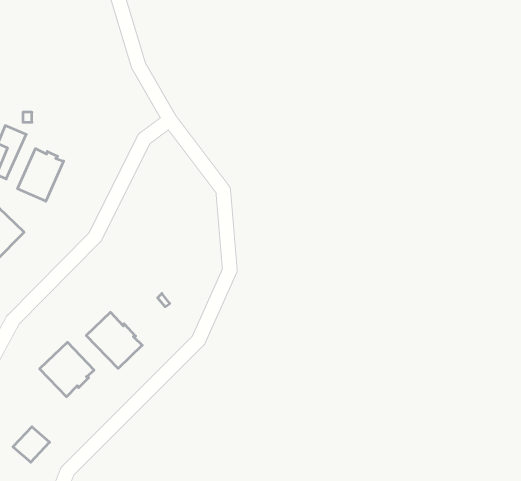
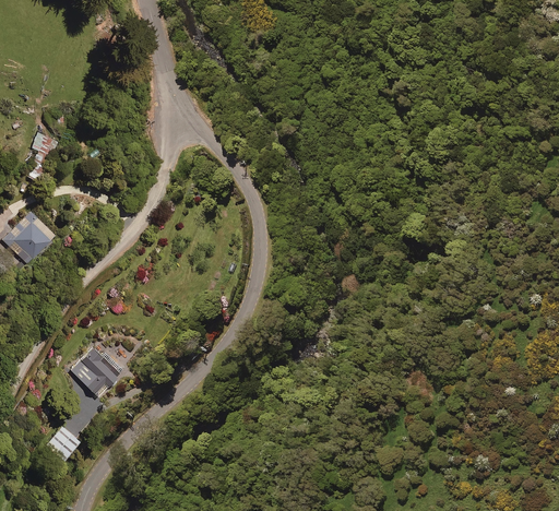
building: [18,149,64,201] -> none
building: [86,312,142,368] -> none

